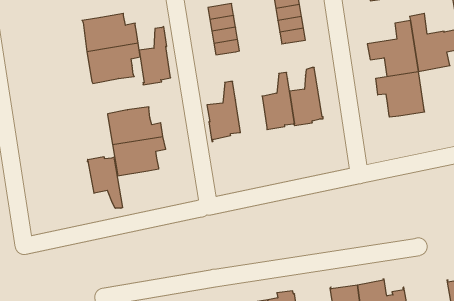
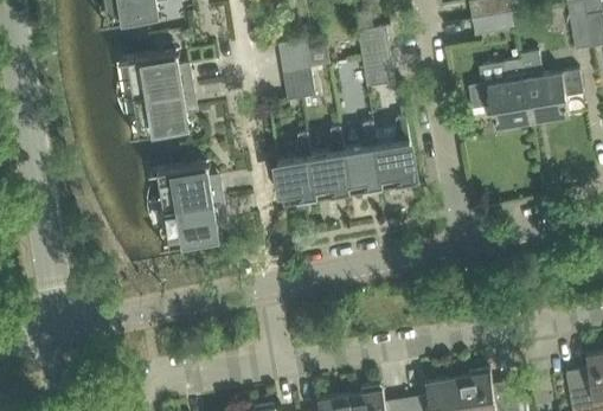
building: [139,27,171,85] -> [312,129,349,199]
building: [376,72,424,117] -> none
building: [87,157,123,208] -> none

